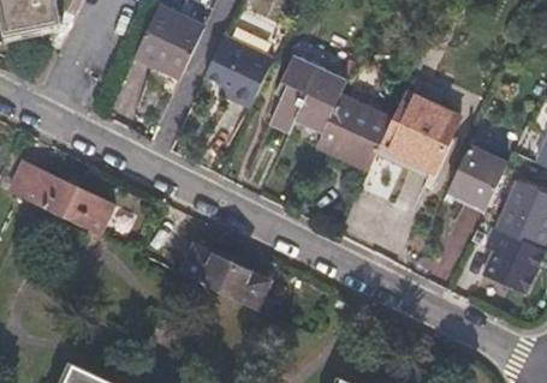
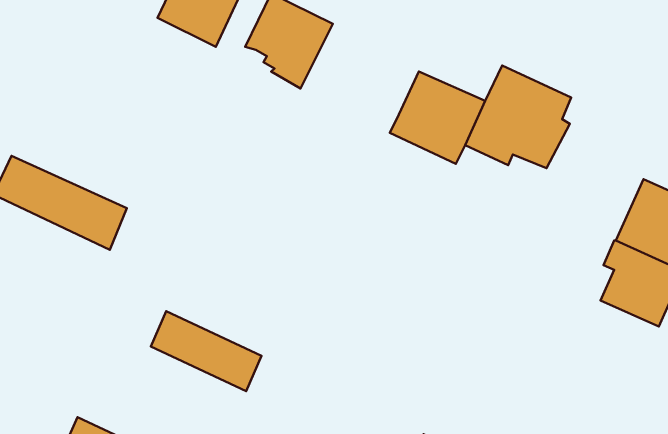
building: [269,55,347,130] -> none
building: [448,144,507,205] -> none
building: [179,244,266,306] -> [151,311,262,391]

